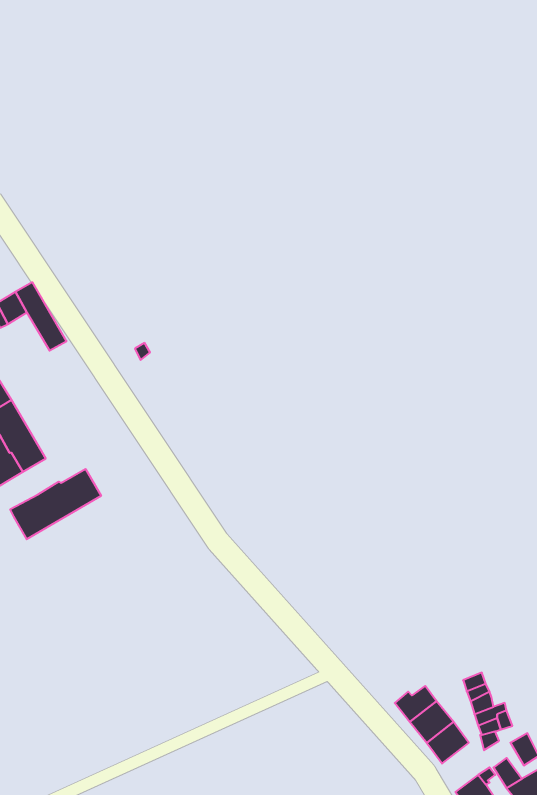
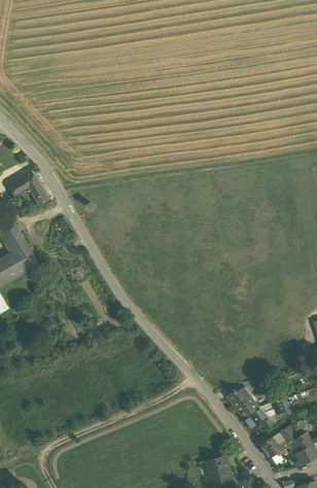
building: [10,469,101,539] -> none

